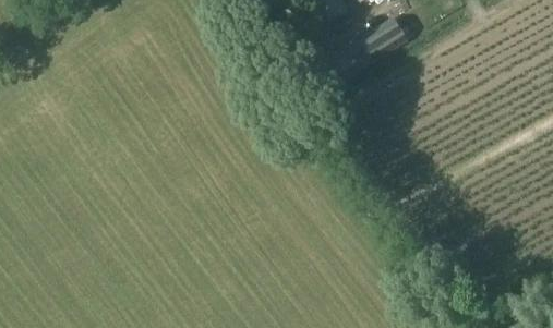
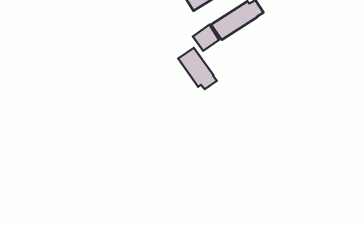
building: none -> [178,48,217,89]

